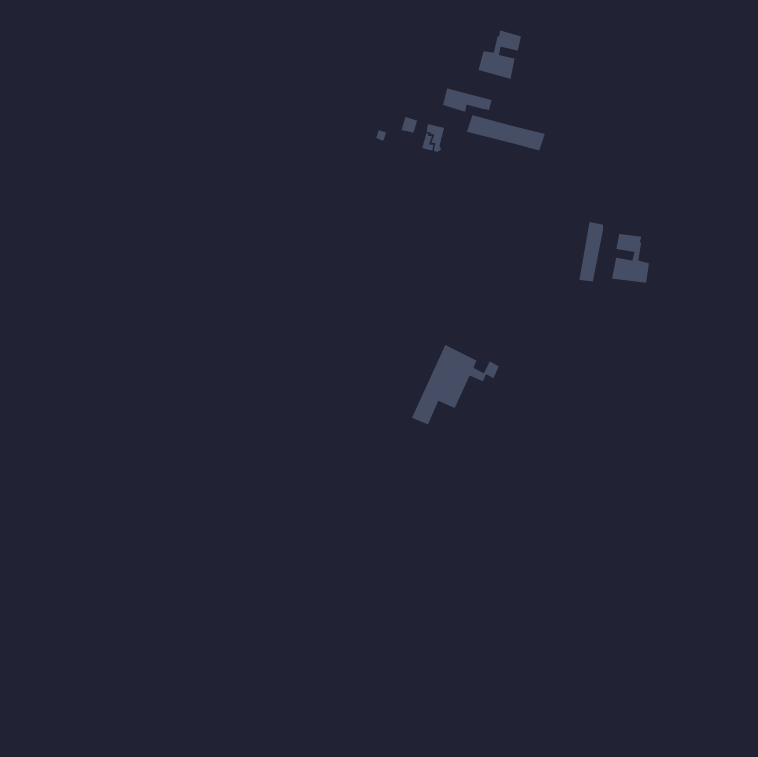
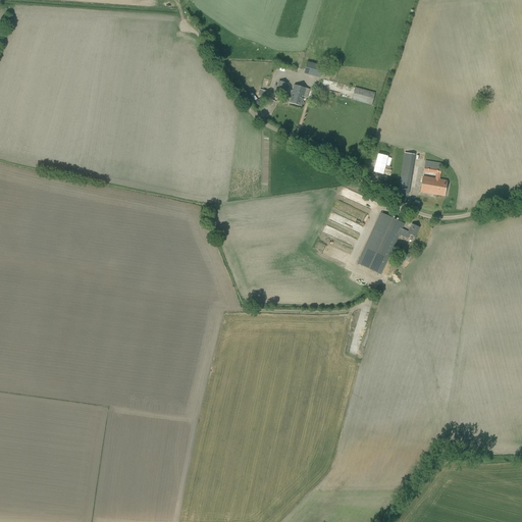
building: [478,29,522,80] -> none
building: [411,344,500,426] -> [358,212,419,268]

